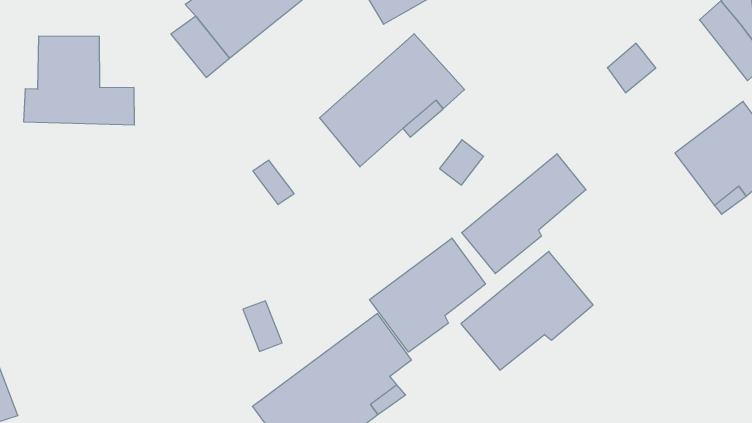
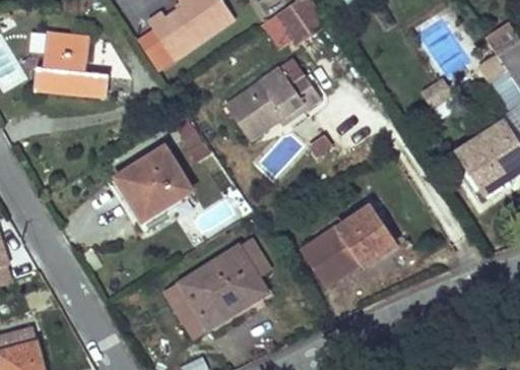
building: [462,154,586,274] -> none
building: none -> [115,146,190,220]
building: [370,238,485,352] -> none

